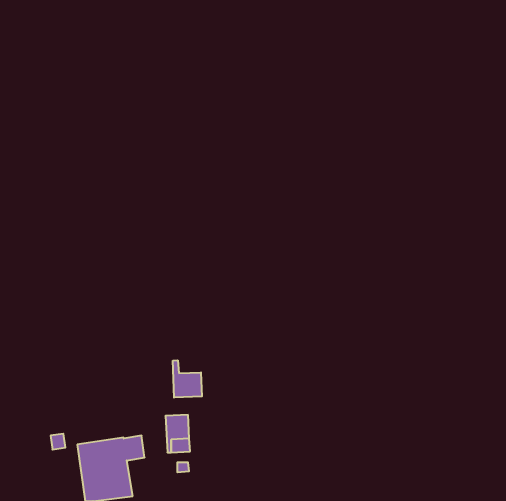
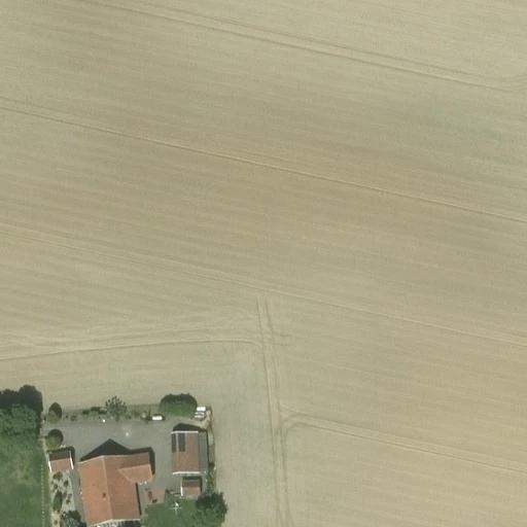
building: [173,360,202,398] -> none

